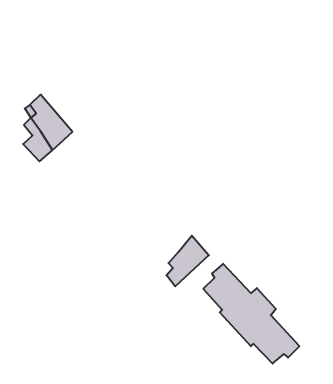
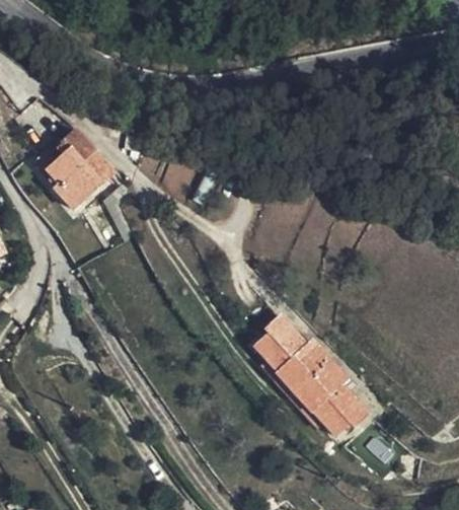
building: [166,236,209,286] -> none

